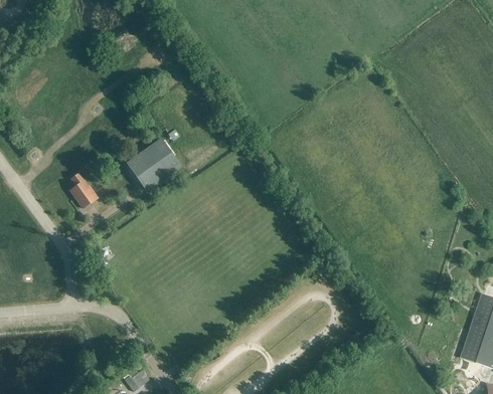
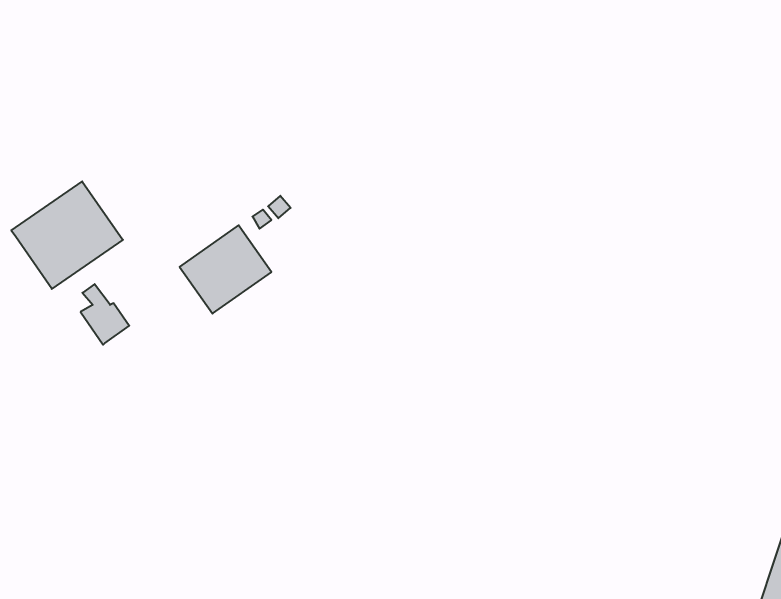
building: none -> [11,181,123,289]

